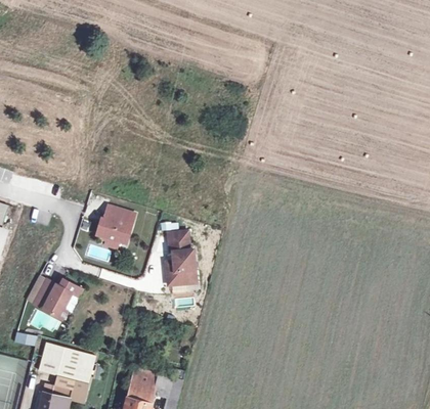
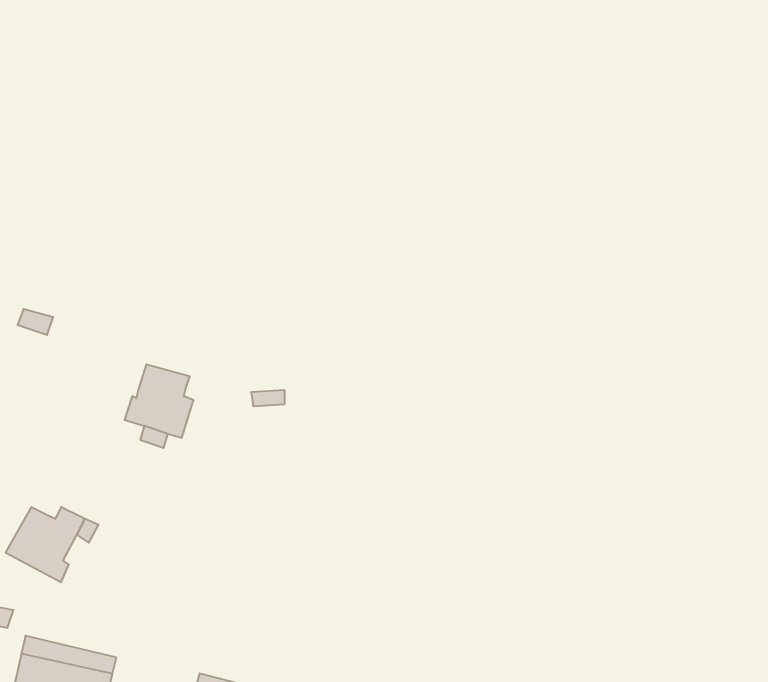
building: [166,231,195,286] -> none

